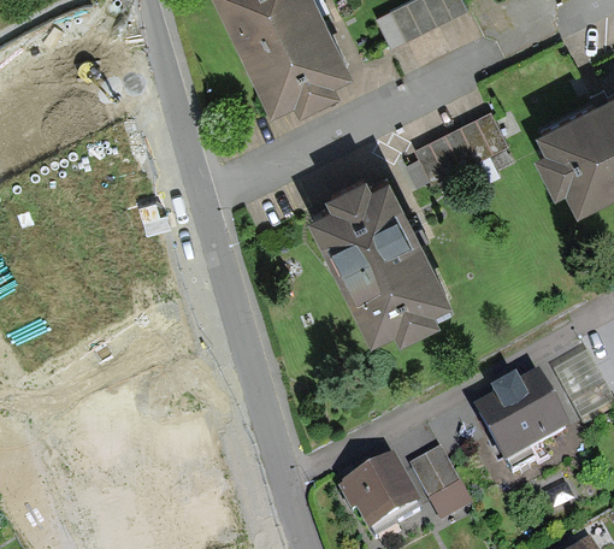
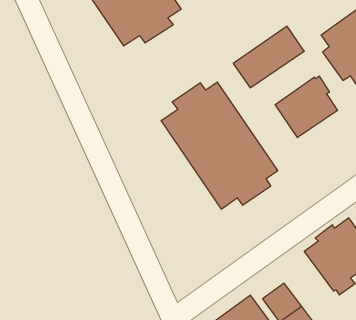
building: none -> [275,76,338,138]

